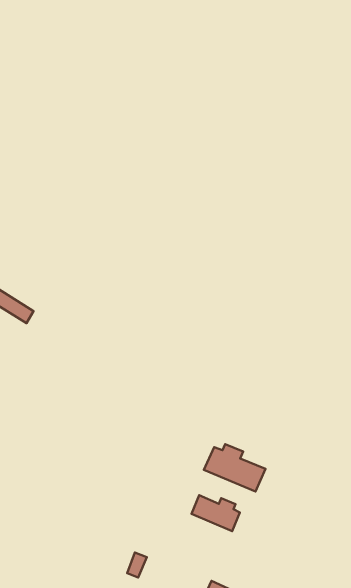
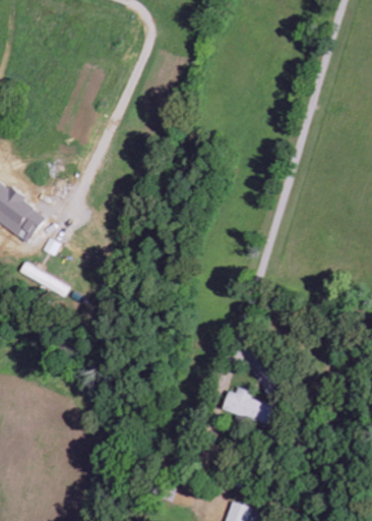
building: [192,495,240,531] -> none

